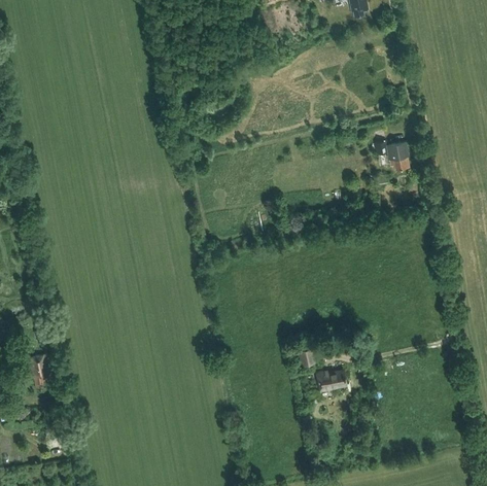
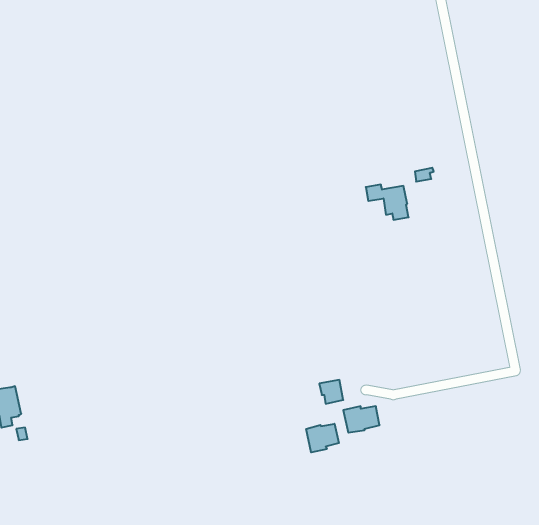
building: [374,141,409,170] -> [366,185,409,220]
building: none -> [306,424,339,452]

